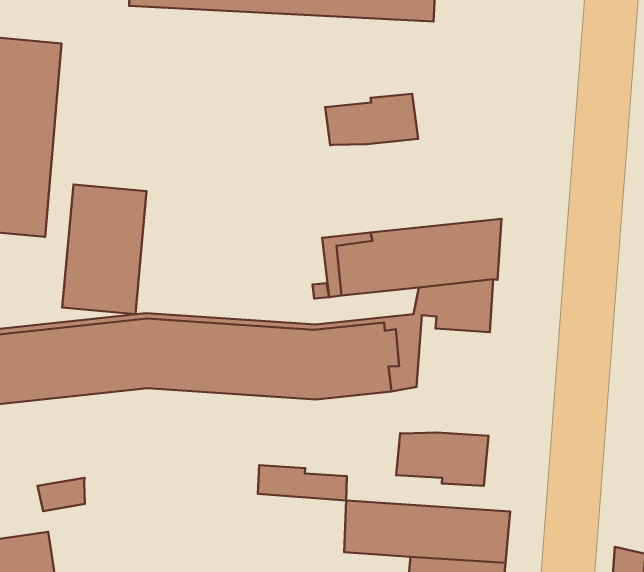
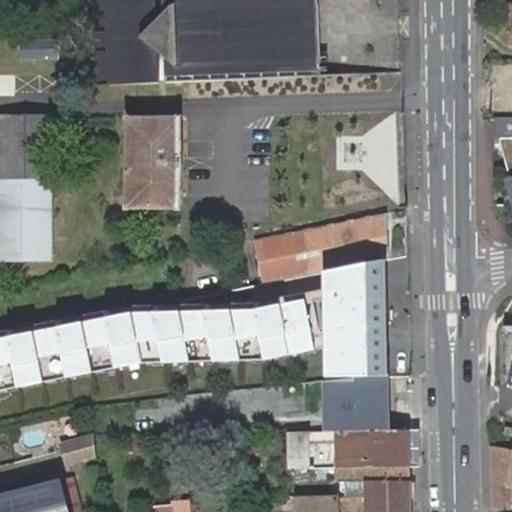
building: [325,94,418,145] -> none
building: [62,184,147,314] -> [125,116,179,207]
building: none -> [324,291,383,379]
building: [258,465,347,501] -> [322,409,388,431]

